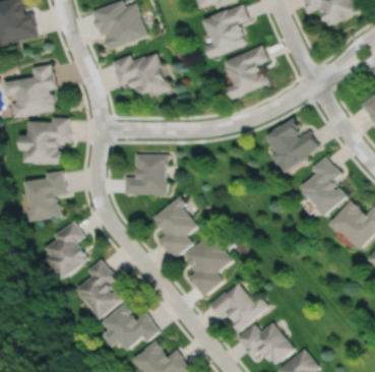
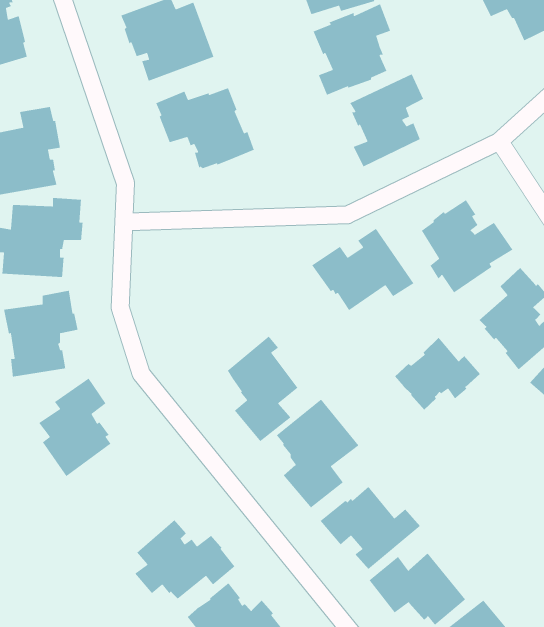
building: none -> [311,228,414,311]
building: [125,153,168,193] -> none
building: none -> [394,337,481,411]
building: [76,259,122,319] -> none

